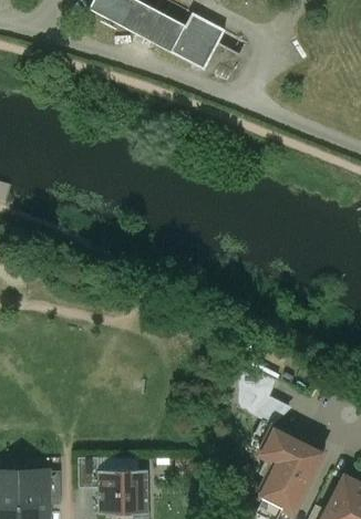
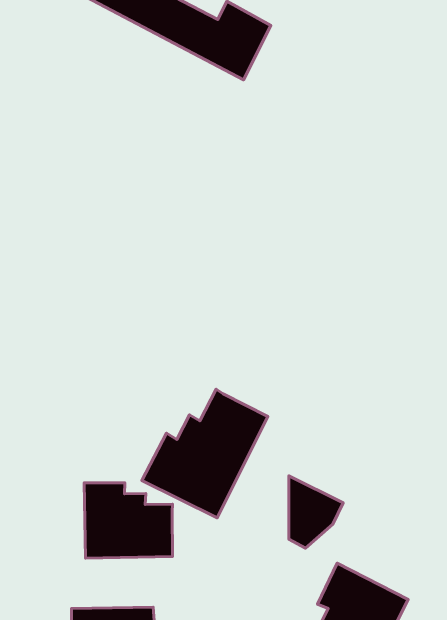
building: none -> [142,389,268,518]
building: none -> [84,483,173,558]

